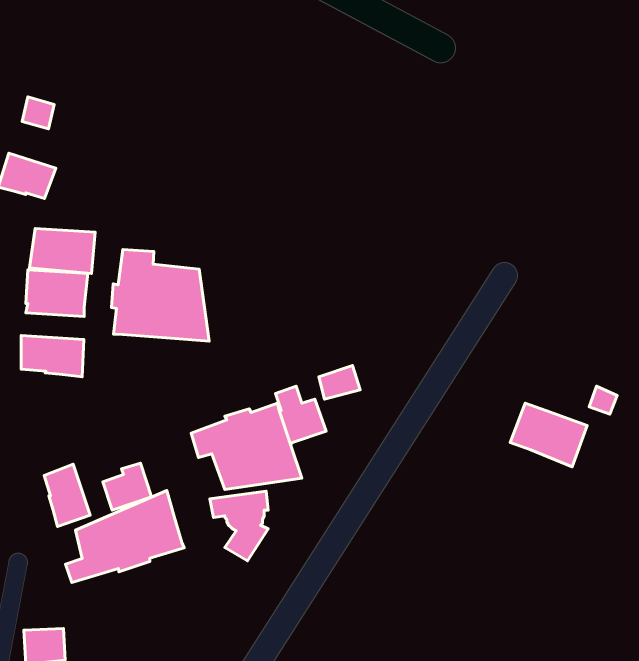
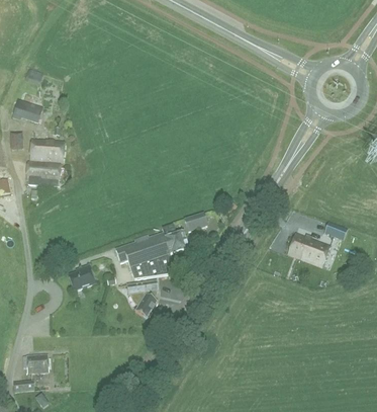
building: [112,250,209,341] -> none
building: [21,335,84,377] -> none
building: [44,464,90,527] -> none
building: [66,490,184,583] -> none

